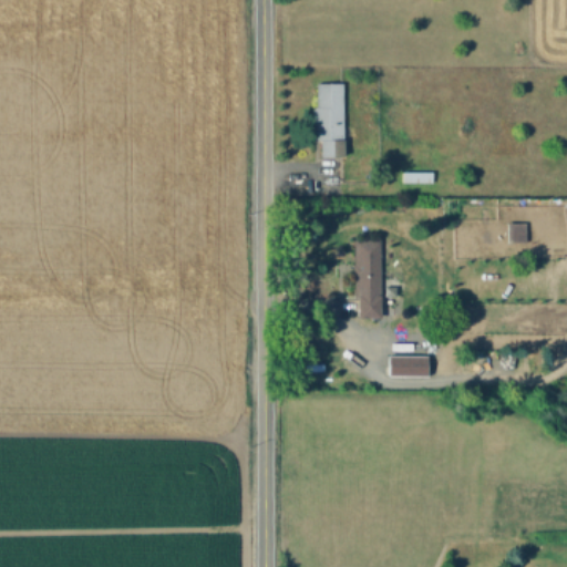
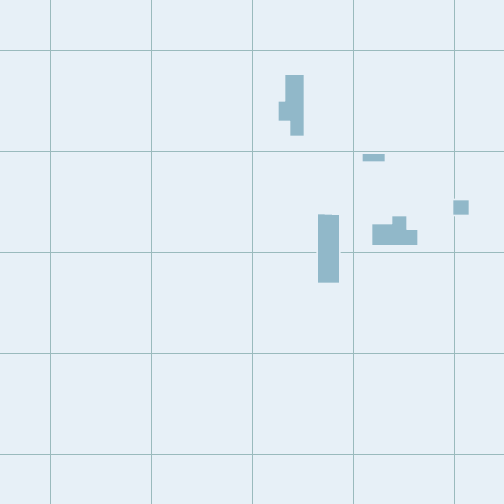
building: none -> [371,216,418,246]
building: [390,357,429,377] -> none

